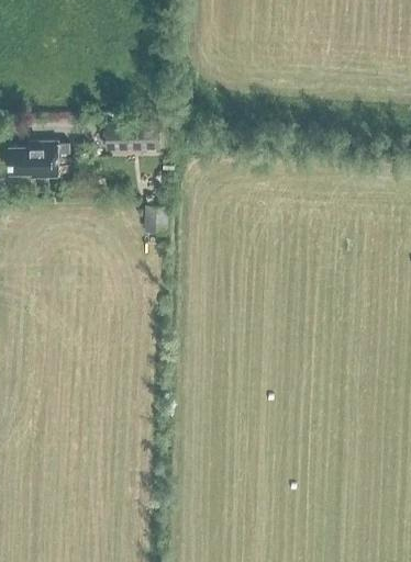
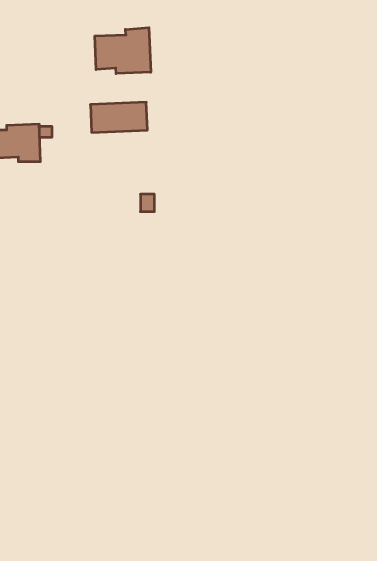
building: none -> [95,28,151,74]

